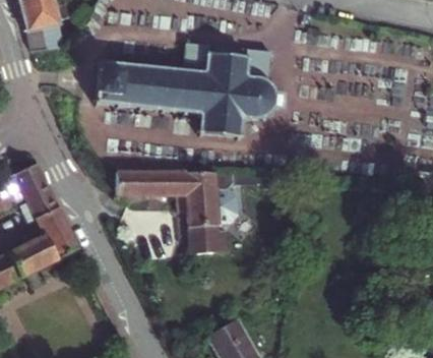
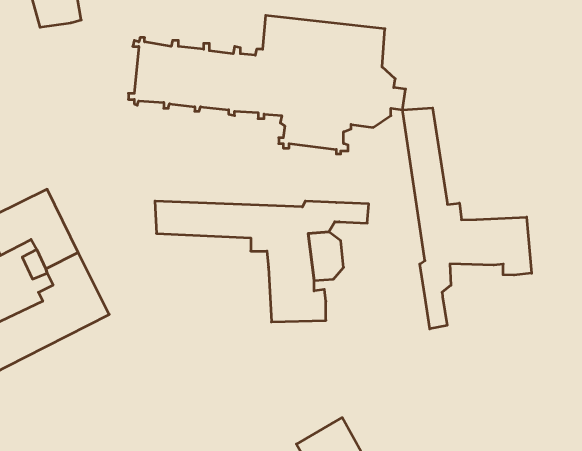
building: none -> [403,108,532,329]

